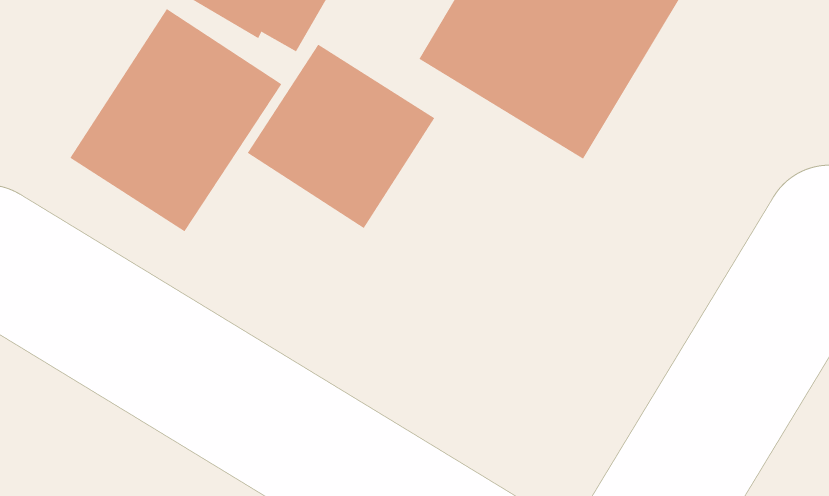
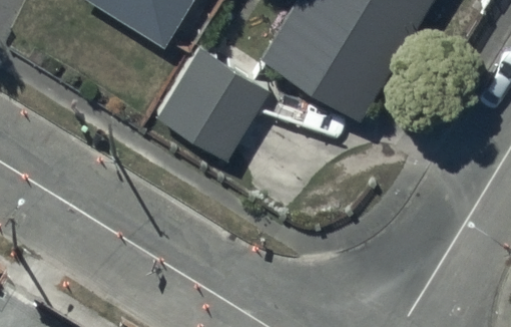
building: [70,8,282,232] -> none

